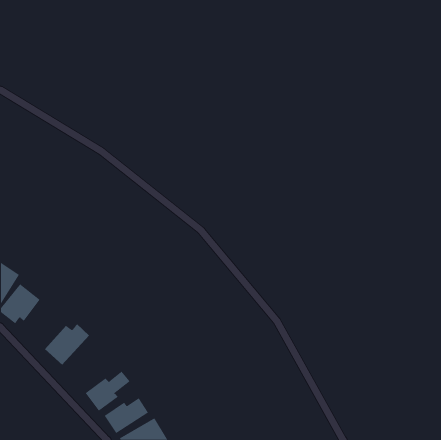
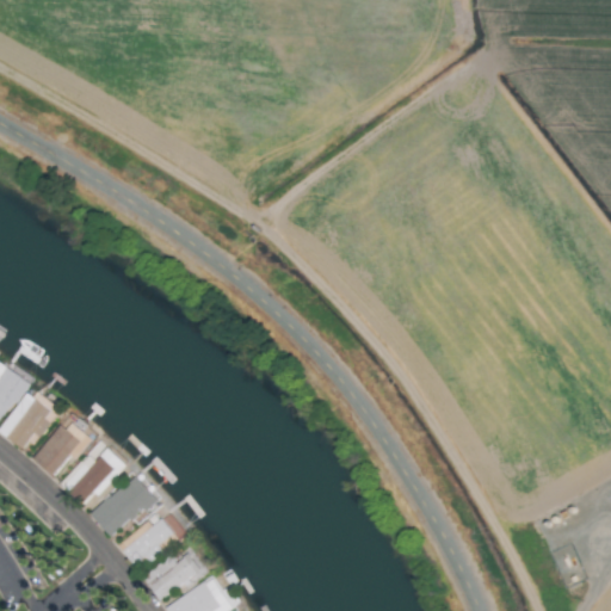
building: none -> [32,421,93,475]
building: none -> [91,474,159,536]

